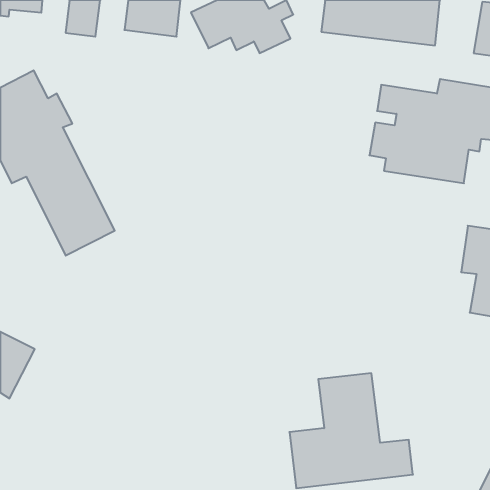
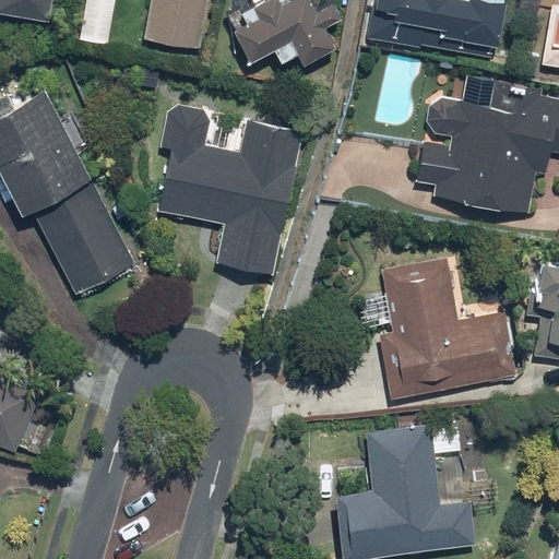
building: none -> [153,104,301,272]
building: none -> [377,259,518,400]

